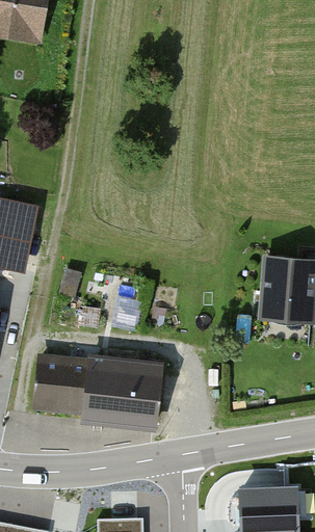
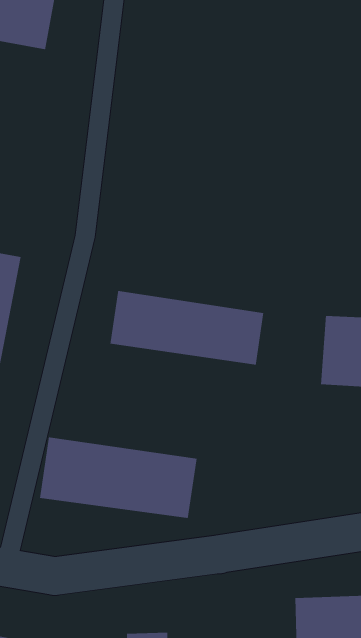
building: none -> [110,290,264,366]

